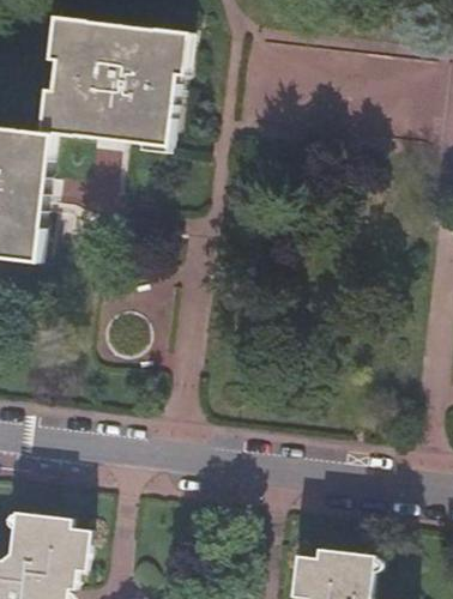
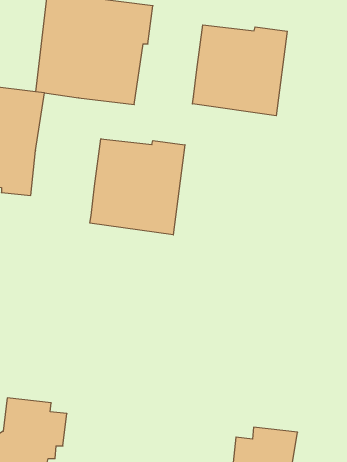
building: none -> [192,25,287,116]
building: none -> [90,139,185,235]

